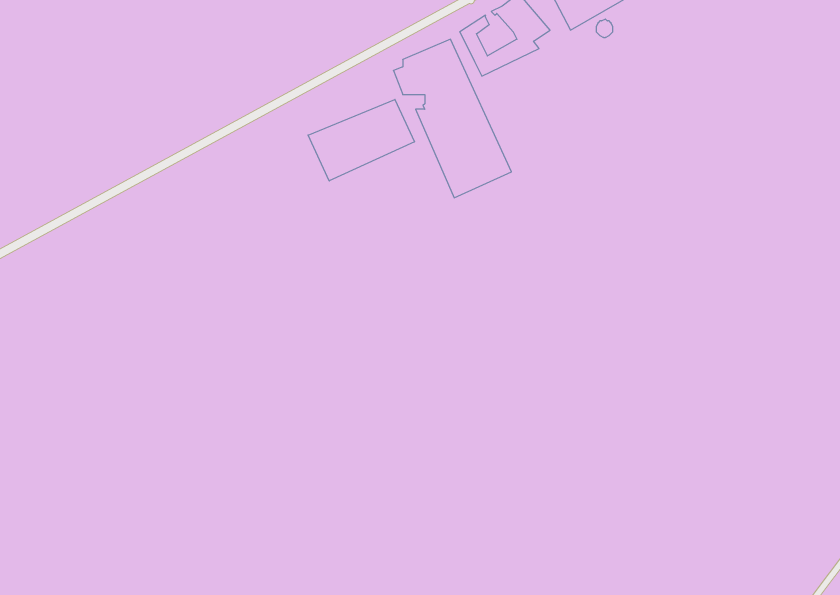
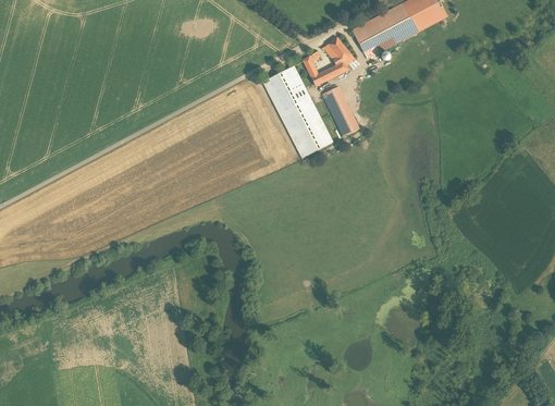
building: none -> [322,87,358,136]
building: [308,99,414,181] -> none

